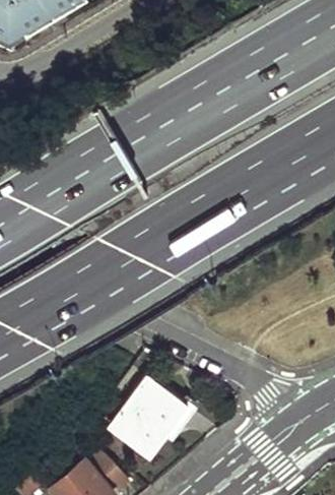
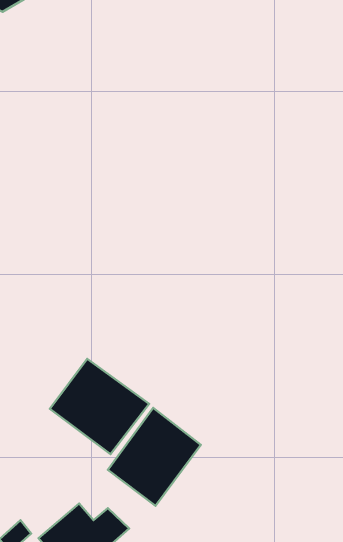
building: none -> [50,359,149,454]

